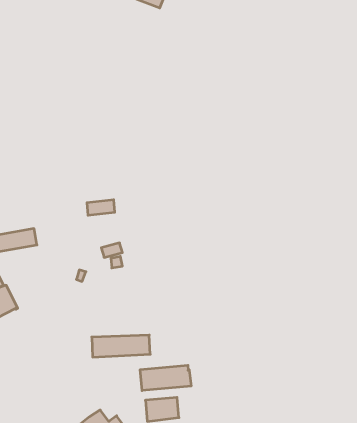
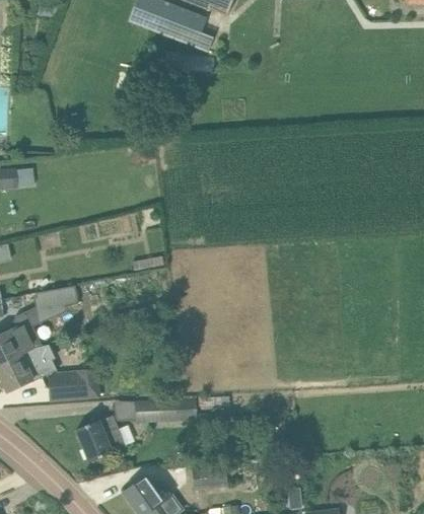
building: none -> [49,381,98,400]
building: none -> [76,415,126,461]
building: [140,365,191,391] -> none

